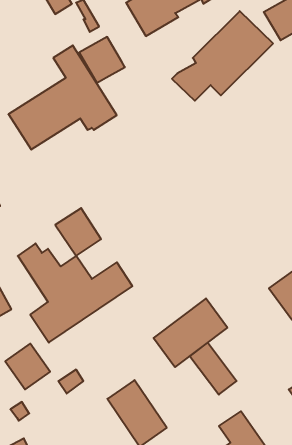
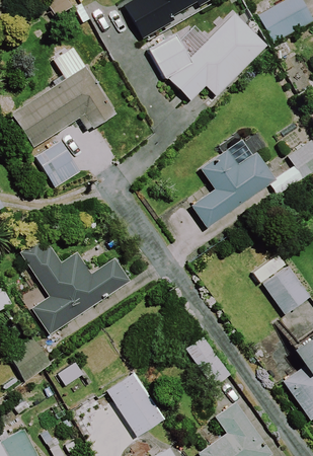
building: [79,37,125,83] -> [148,34,192,79]
building: none -> [190,149,277,228]
building: [55,208,101,256] -> [36,140,81,186]
building: [154,298,227,367] -> none

